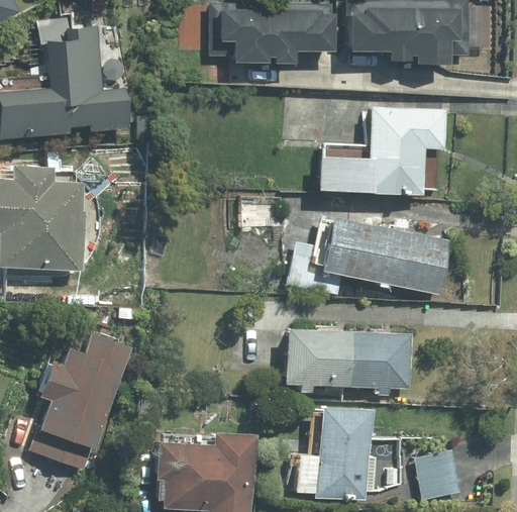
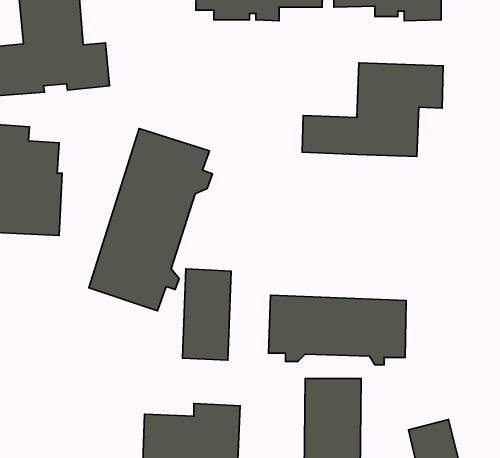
building: none -> [89,128,212,311]
building: [318,217,453,295] -> none
building: none -> [182,269,231,360]
building: [32,332,127,470] -> none

